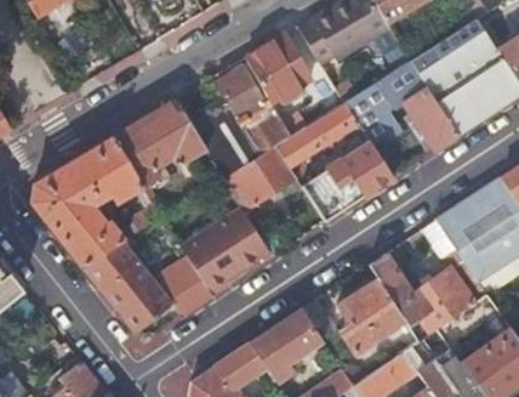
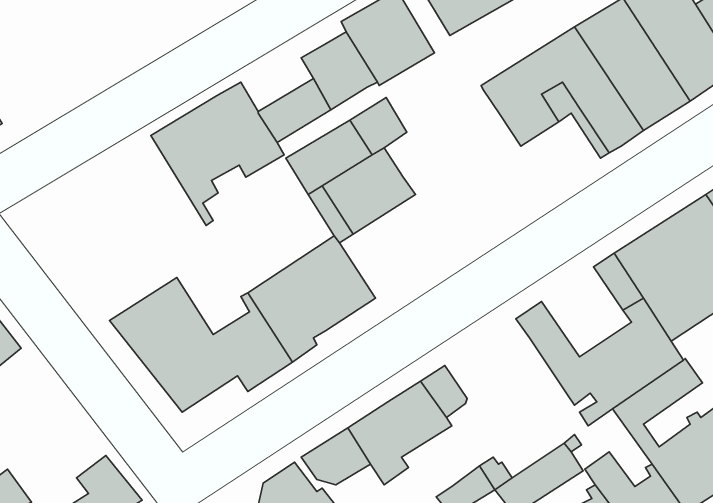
building: [275,104,357,166] -> none
building: [30,137,161,267] -> none
building: [301,144,393,223] -> none
building: [337,279,404,352] -> none

